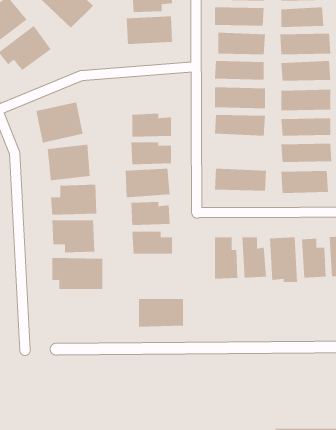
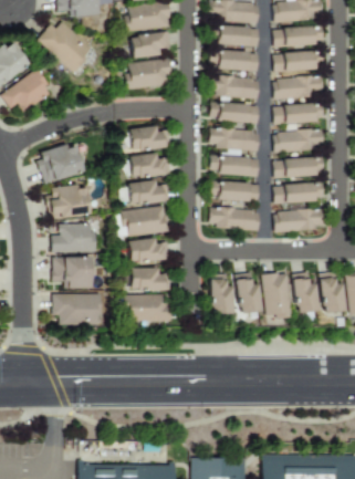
building: none -> [129,126,170,149]
building: none -> [211,181,260,200]
building: [138,298,184,327] -> [126,294,170,322]

